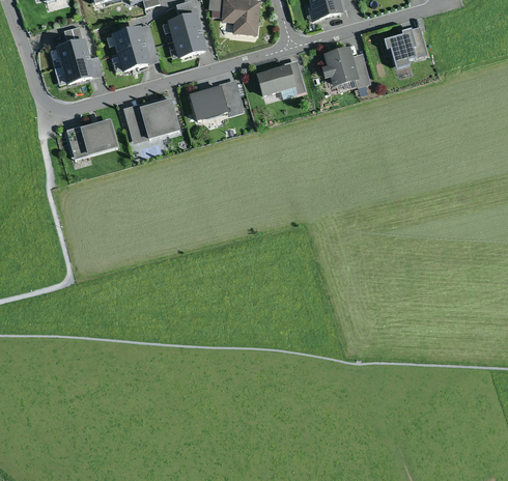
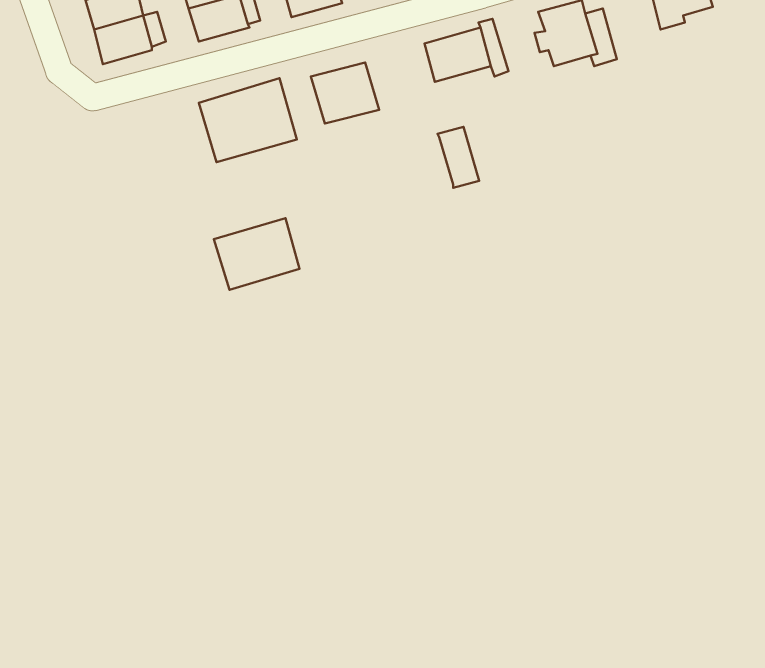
building: [220,79,245,115] -> [437,127,479,188]
building: [66,117,117,160] -> [214,218,299,290]

